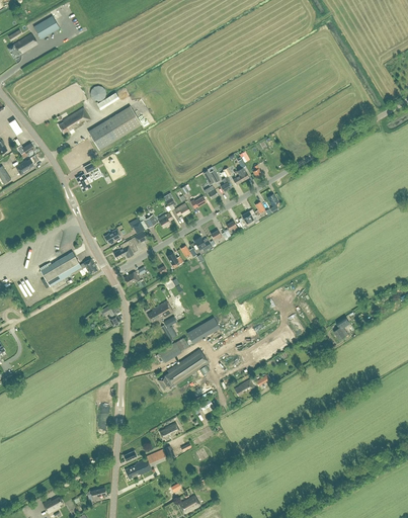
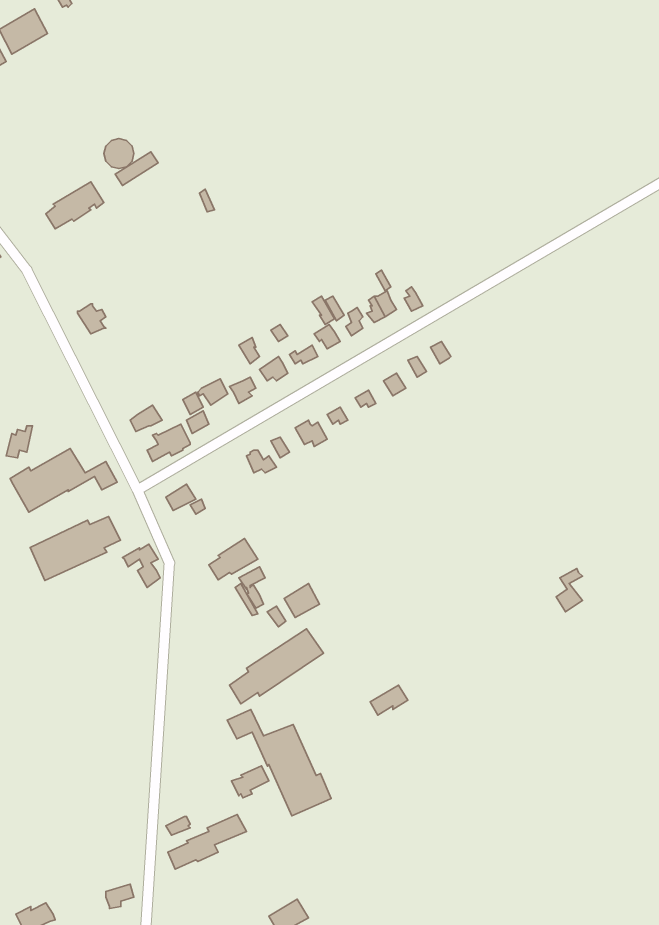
building: [88,106,141,150] -> none
building: none -> [30,517,120,580]
building: none -> [227,709,331,816]

